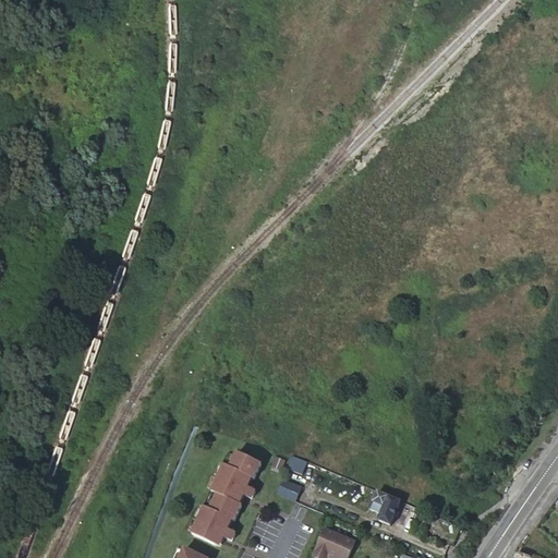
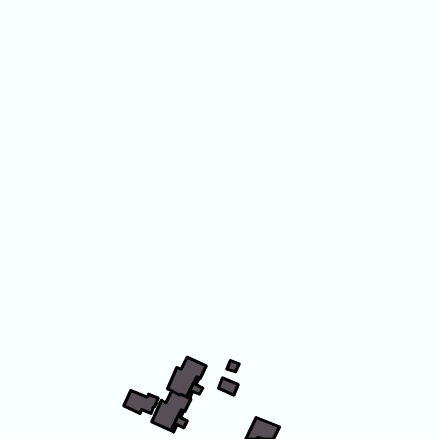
building: [368,489,399,523] -> none
building: none -> [124,390,158,414]

